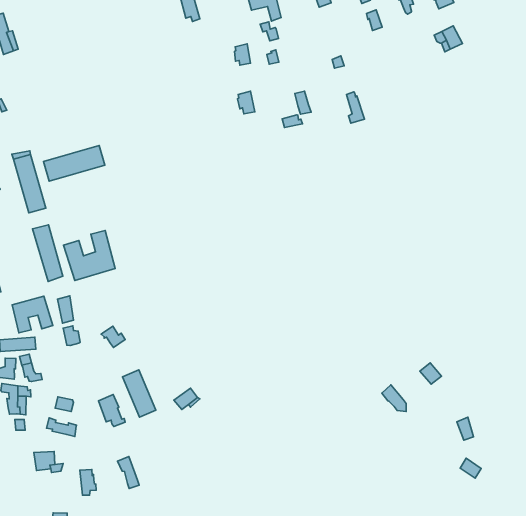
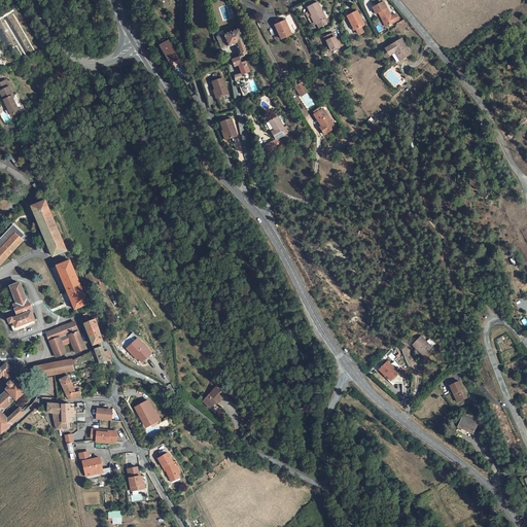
building: [44,146,105,181] -> none
building: [63,230,115,281] -> none
building: [122,370,156,417] -> none

